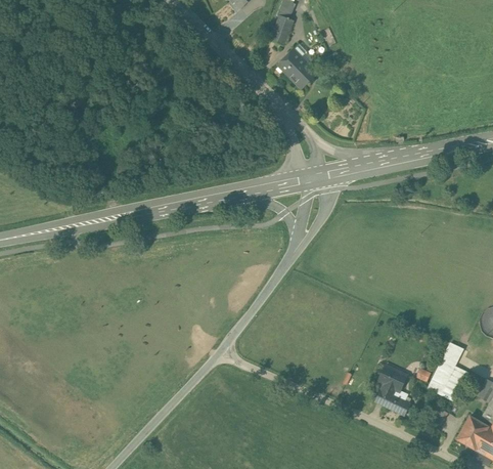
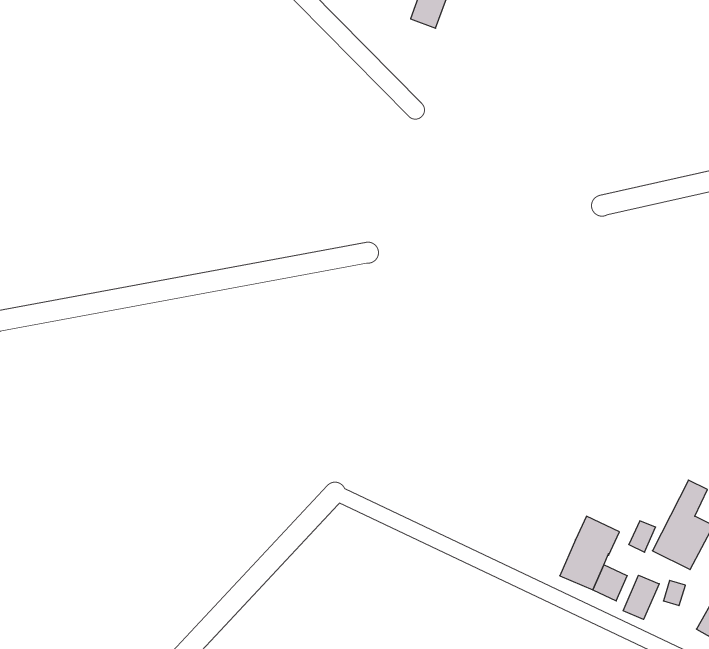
building: [277,48,315,90] -> none
building: none -> [623,575,659,619]

